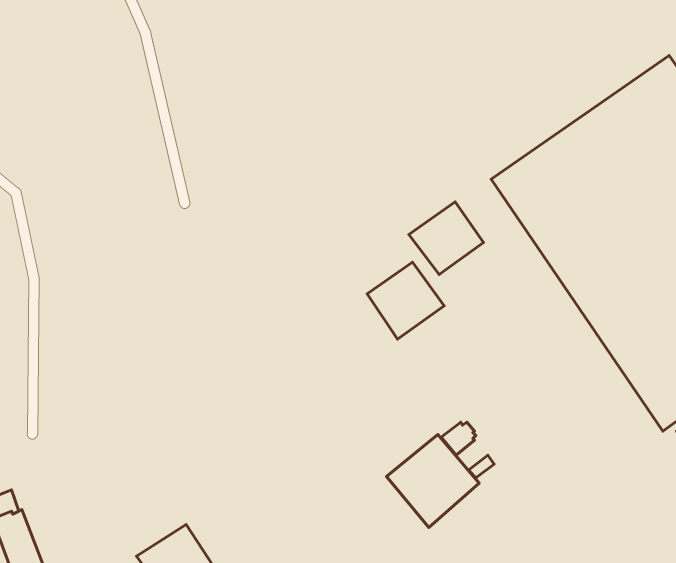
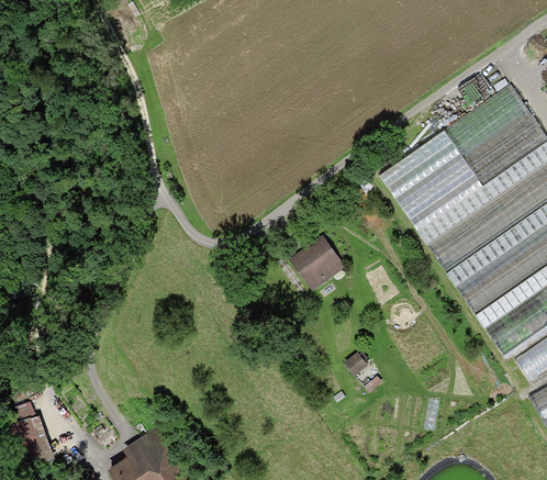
building: [409,202,484,275] -> none
building: [387,434,479,527] -> none

